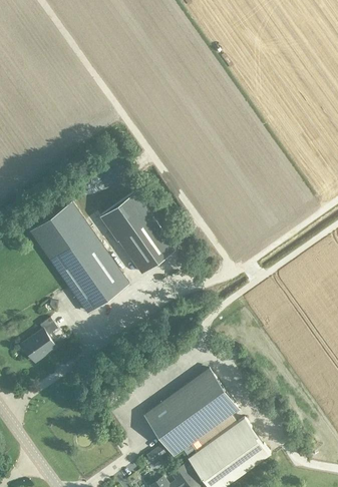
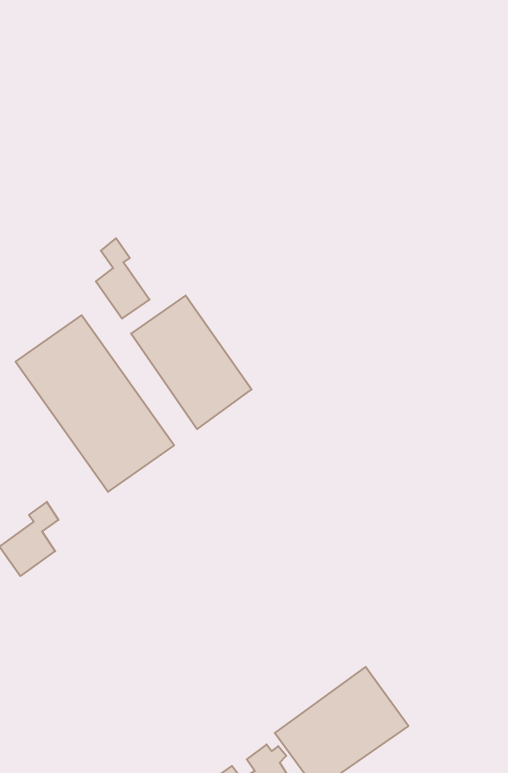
building: none -> [96,238,150,319]
building: [145,370,237,455] -> none

